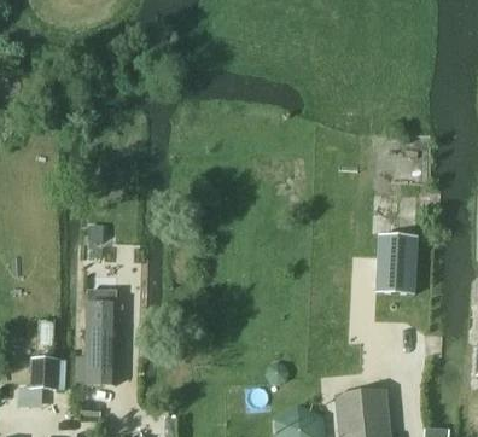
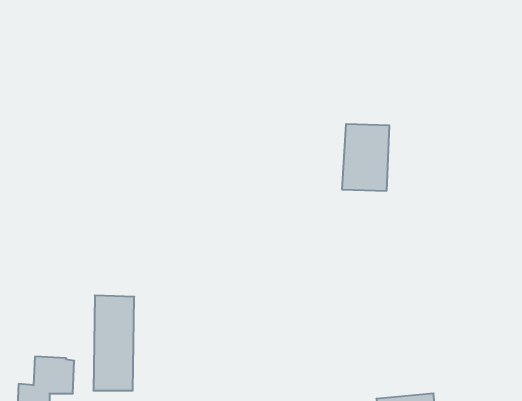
building: [372,232,414,291] -> [342,124,389,191]

